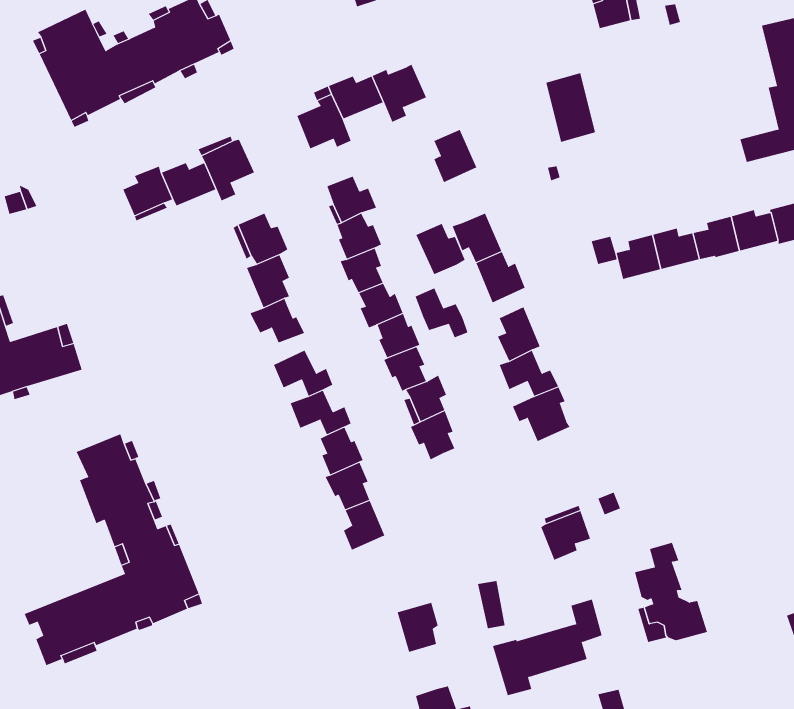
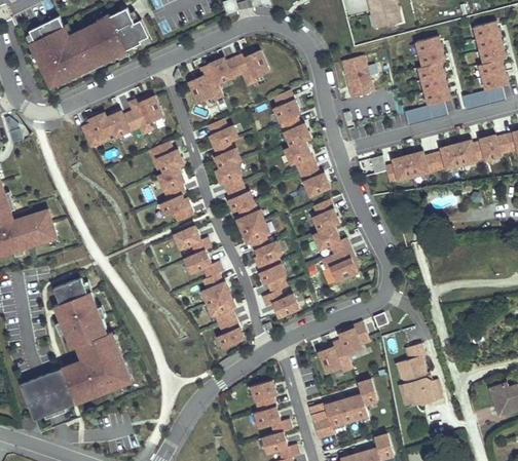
building: none -> [403,36,449,126]
building: [416,223,466,275] -> [279,116,309,148]
building: [415,287,468,338] -> none
building: none -> [261,290,298,318]
building: none -> [318,340,351,374]
building: none -> [254,407,291,434]

